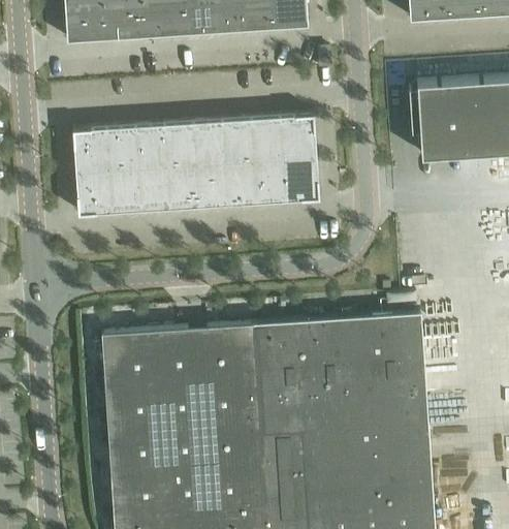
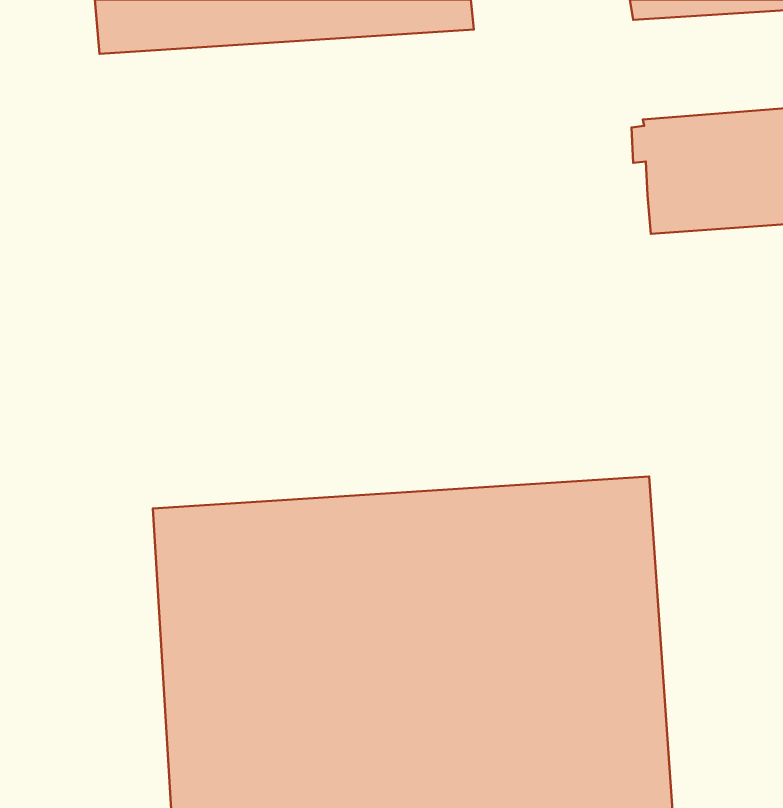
building: [72,115,319,216] -> none

